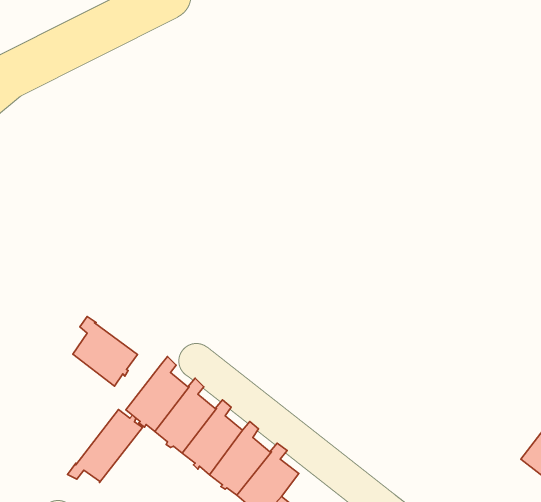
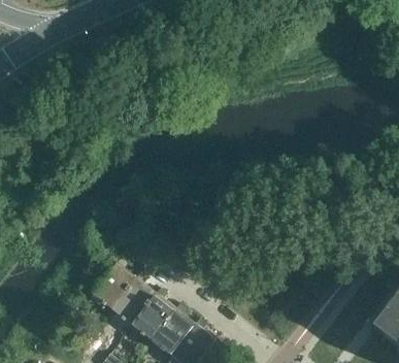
building: [73,316,138,386] -> none
building: [68,410,142,483] -> none

